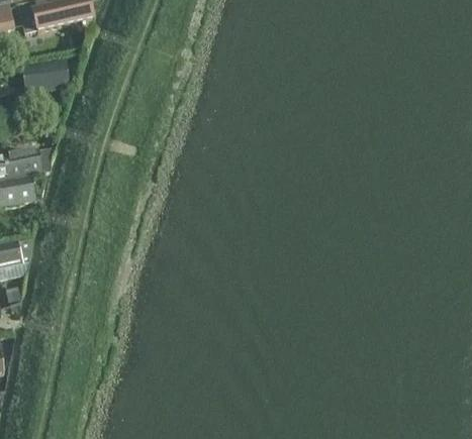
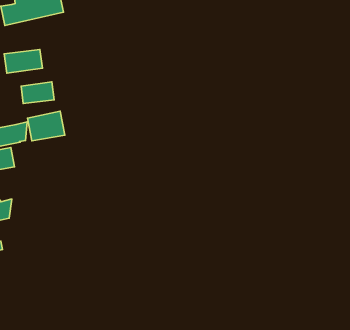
building: none -> [21,82,54,103]
building: none -> [27,111,65,141]

